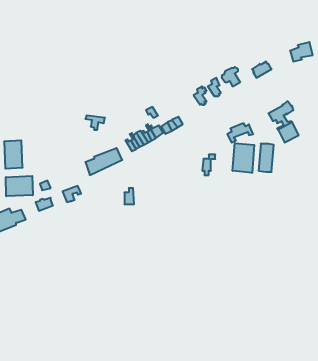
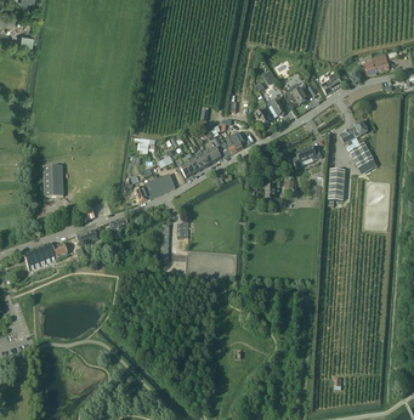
building: [233,143,254,173] -> none
building: [6,176,33,196] -> none

